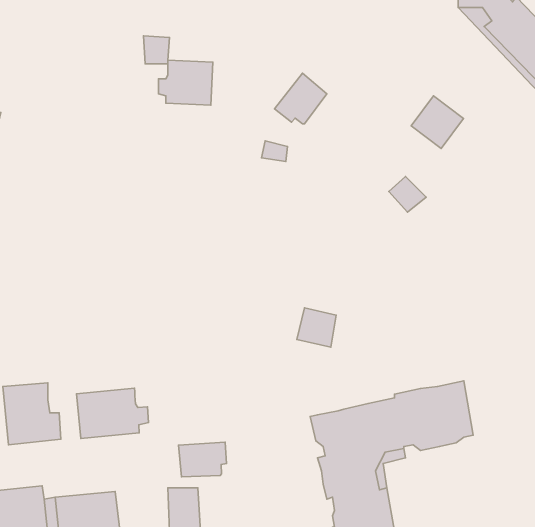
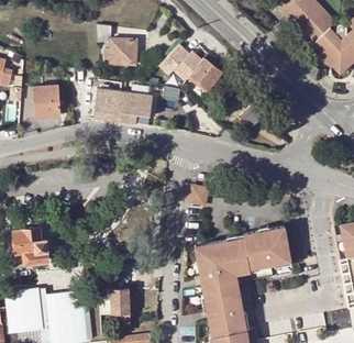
building: [411,96,464,148] -> [190,58,221,89]
building: none -> [32,85,60,114]
building: none -> [93,88,152,125]
building: [76,388,148,438] -> none
building: [178,442,226,477] -> none

